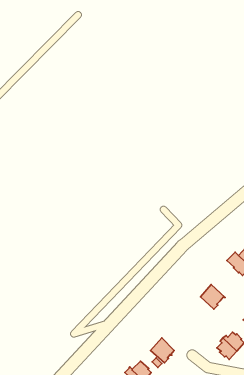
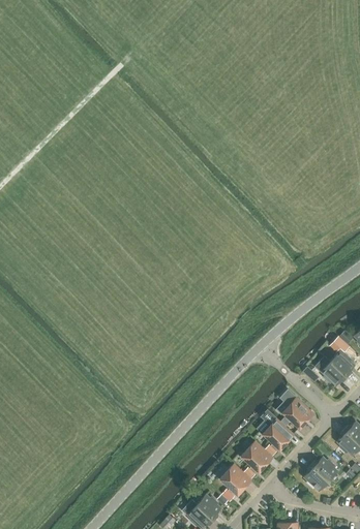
building: none -> [261,418,291,449]
building: none -> [240,441,271,472]

